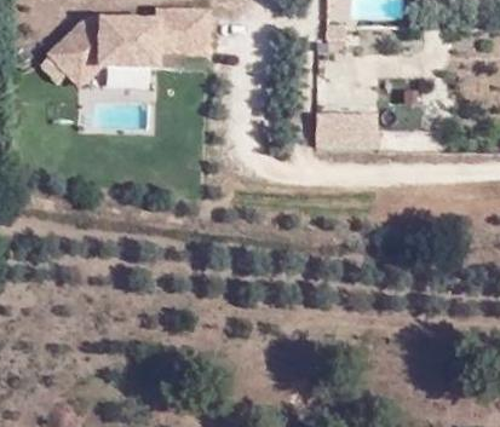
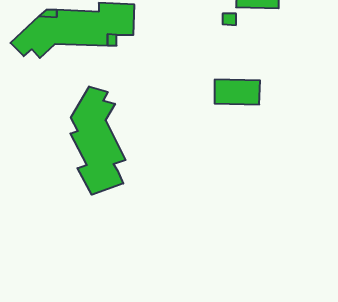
building: none -> [70,86,126,195]

